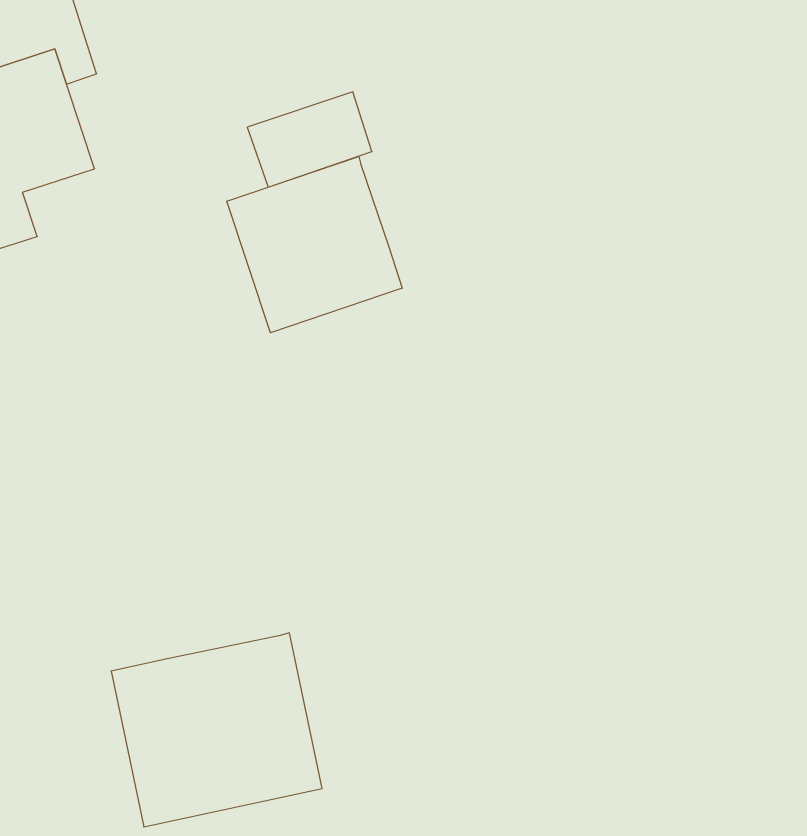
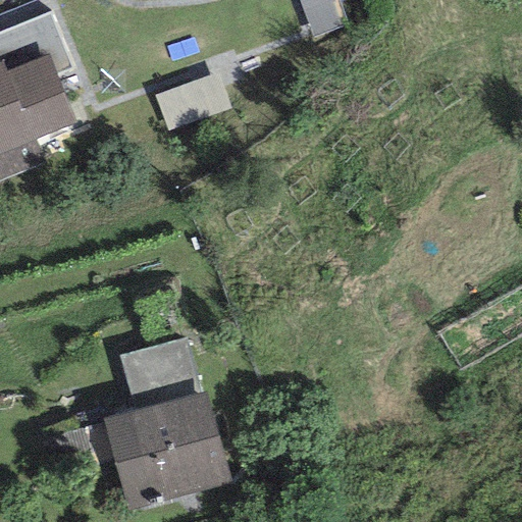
building: [227,157,402,333] -> none
building: none -> [119,337,199,410]

